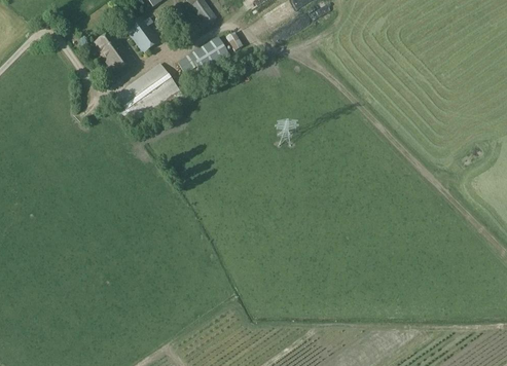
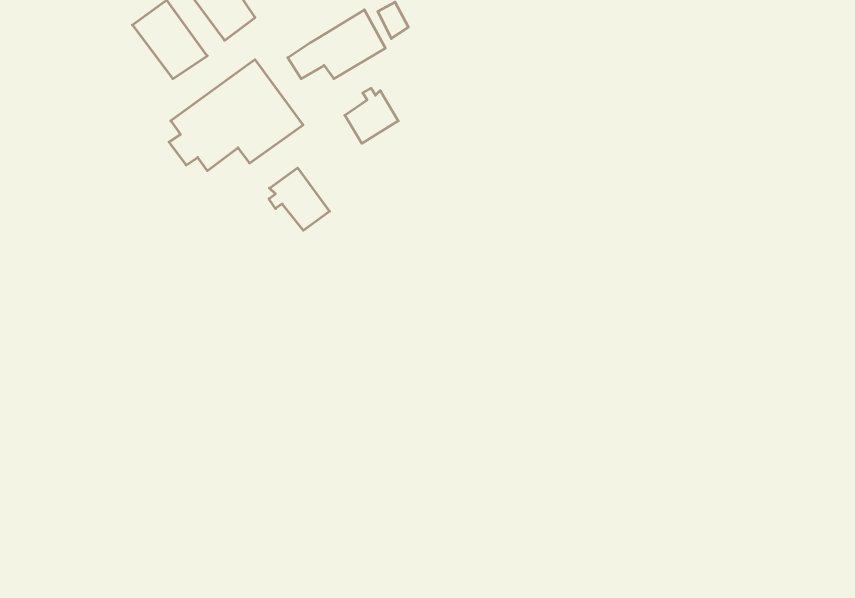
building: none -> [345,88,398,143]
building: none -> [269,168,330,230]

